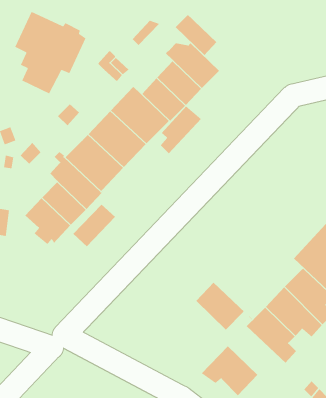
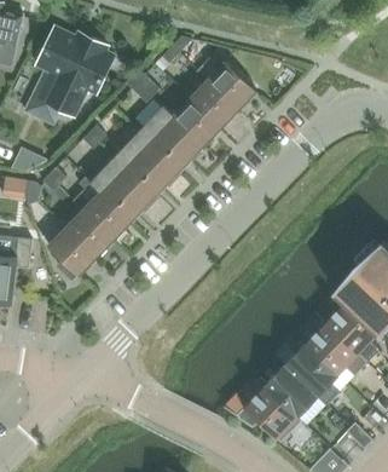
building: [175,6,217,56] -> none
building: [160,105,202,154] -> none
building: [73,204,116,247] -> none
building: [195,282,253,330] -> [264,364,325,416]

